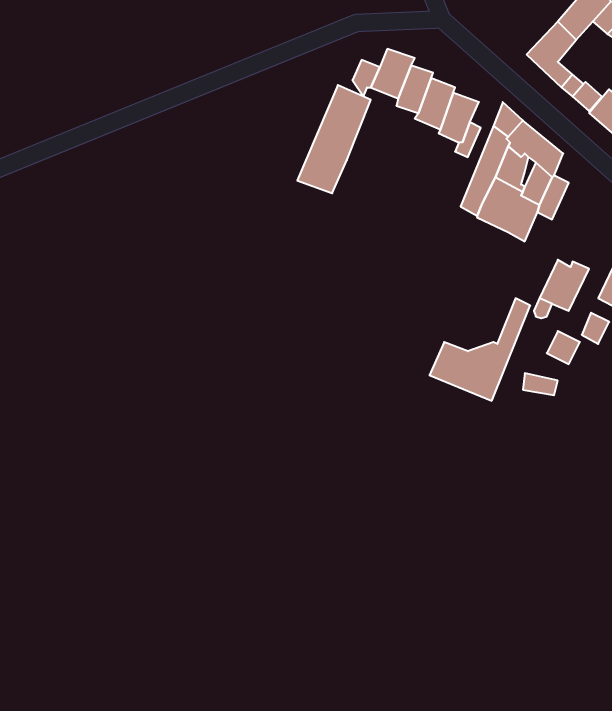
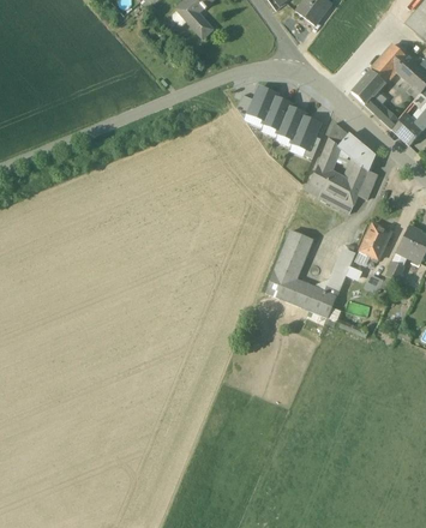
building: [297,85,371,193] -> [264,229,312,300]

